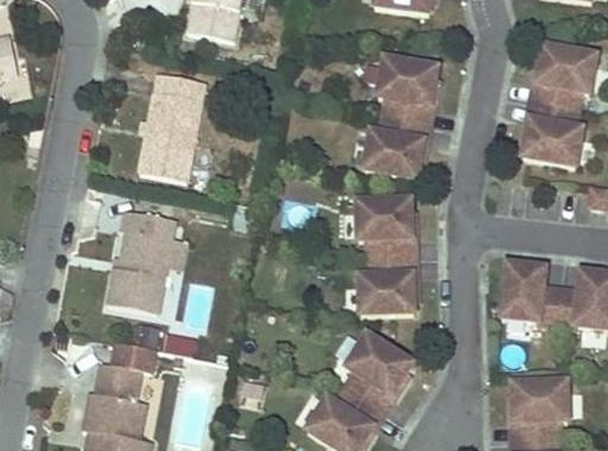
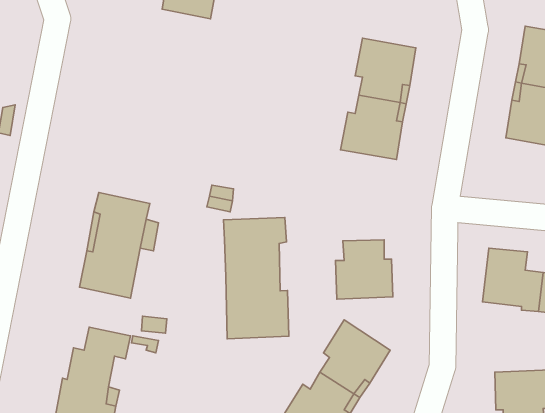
building: [141,72,205,179] -> none
building: [357,199,412,256] -> none
building: none -> [223,217,289,339]

